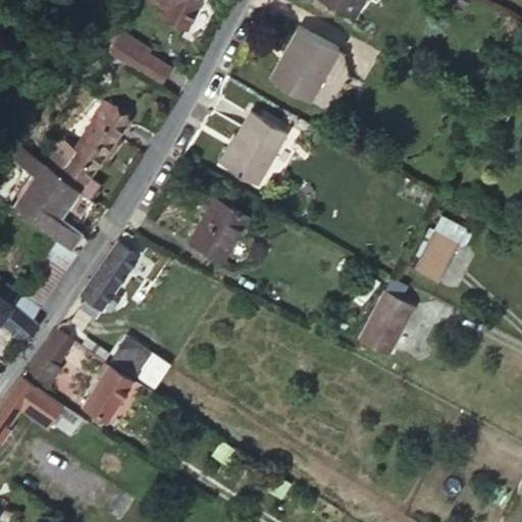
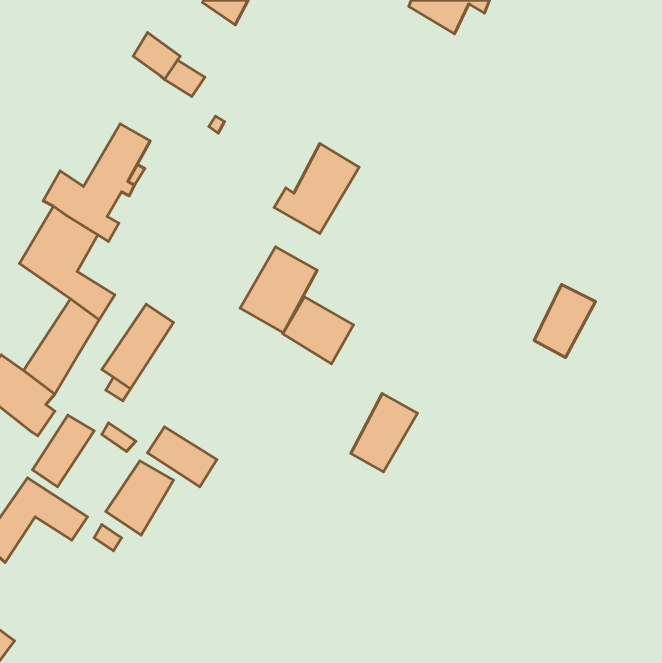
building: [271,33,344,108] -> none
building: none -> [283,297,354,364]
building: [363,292,415,353] -> [351,394,417,472]

